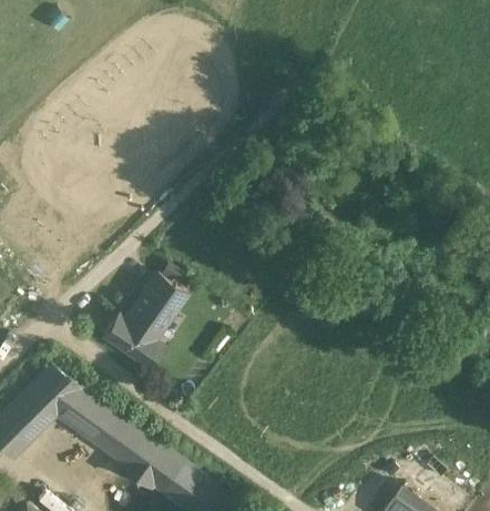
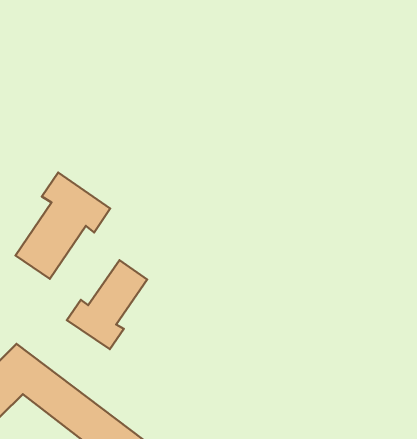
building: none -> [16,173,110,279]

